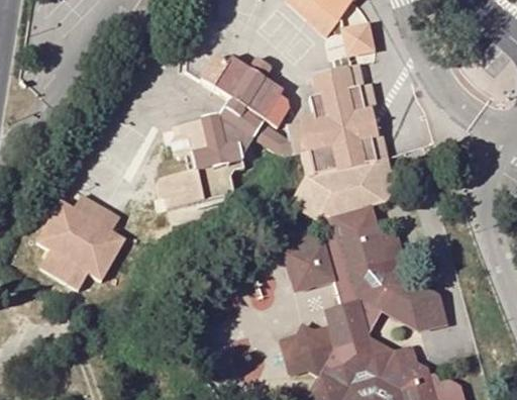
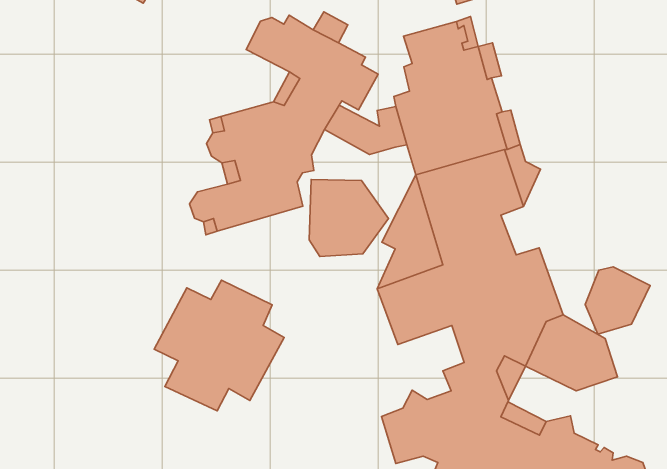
building: none -> [309,180,389,257]
building: [38,195,129,286] -> [154,280,284,411]
building: none -> [585,267,650,334]

